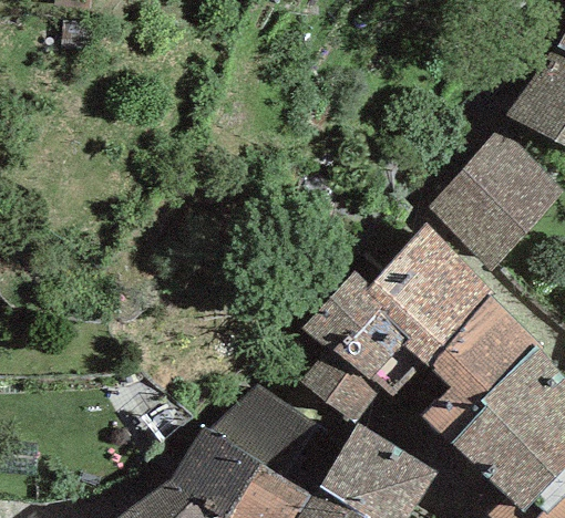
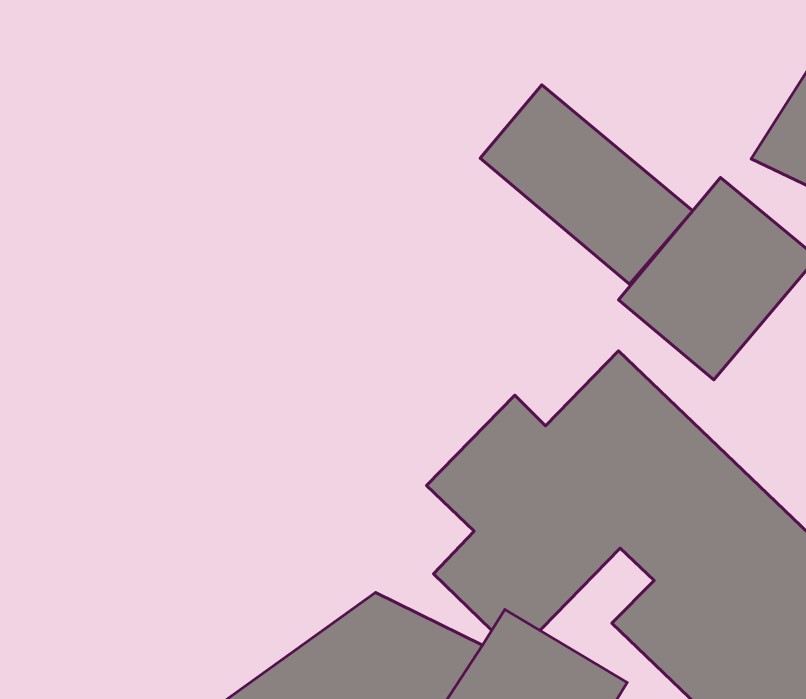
building: none -> [480,85,693,284]

